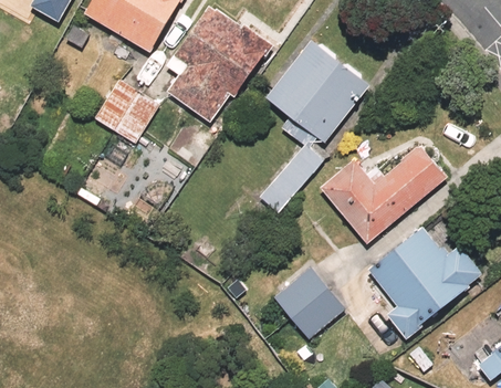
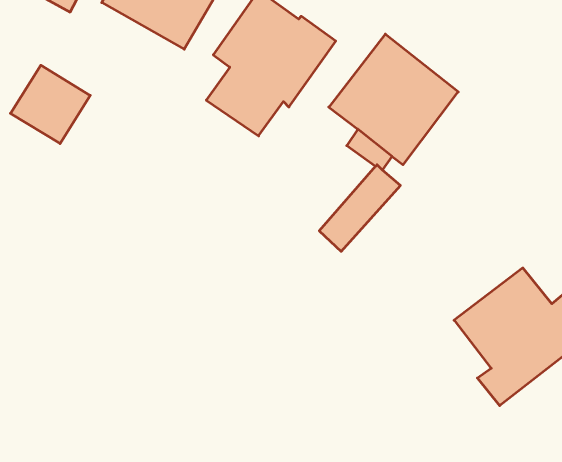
building: [94,80,158,143] -> [10,65,90,144]
building: [321,144,447,243] -> none
building: [274,266,345,338] -> none

